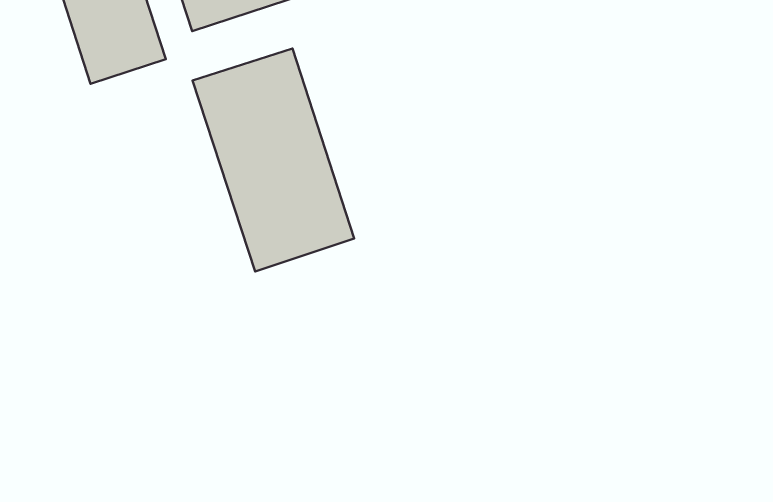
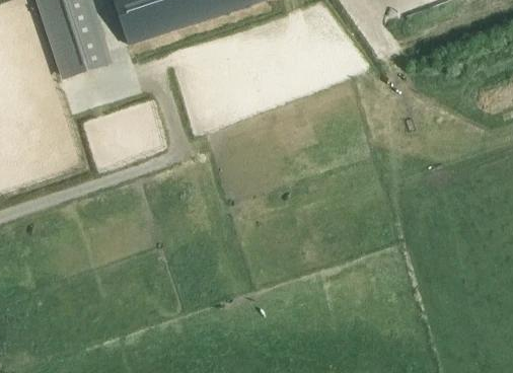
building: [193,49,354,272] -> none

